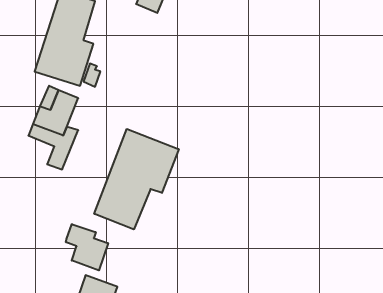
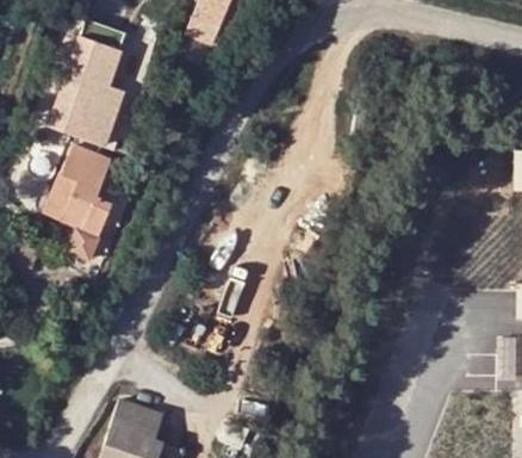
building: [94,129,179,229] -> none
building: [66,224,108,270] -> none

